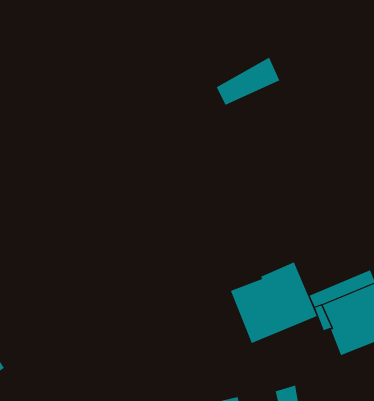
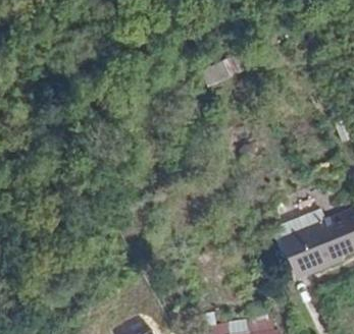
building: [230,262,318,344] -> none

